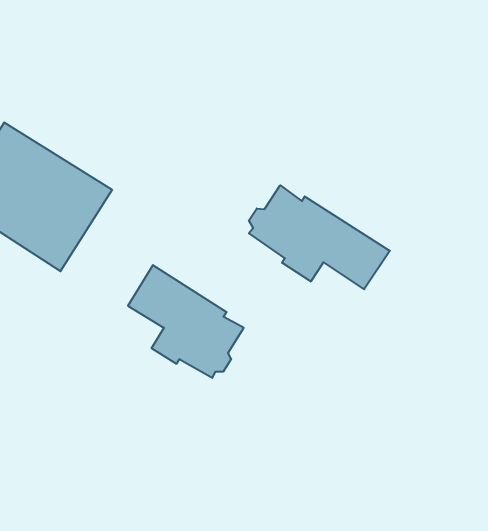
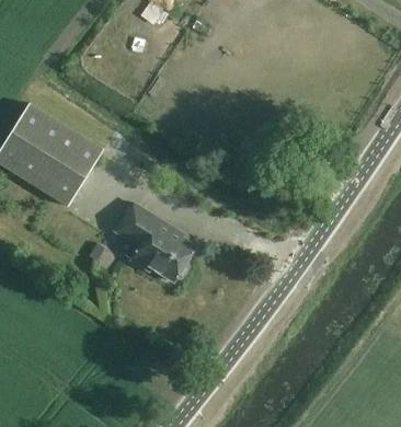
building: [249,185,390,289] -> none

